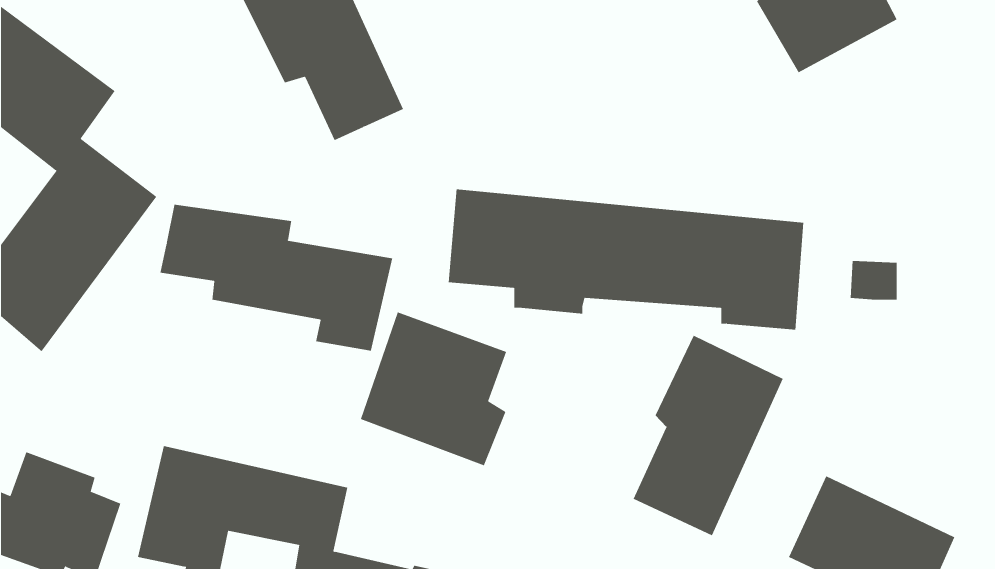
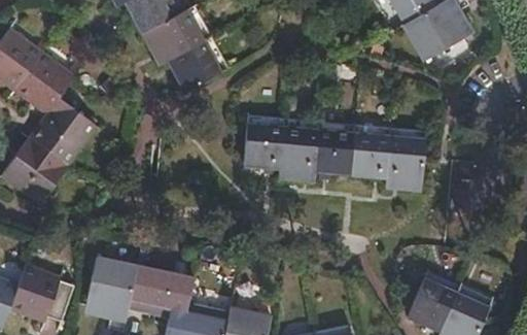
building: [160,204,393,351] -> none
building: [360,311,507,466] -> none
building: [633,335,783,536] -> none

